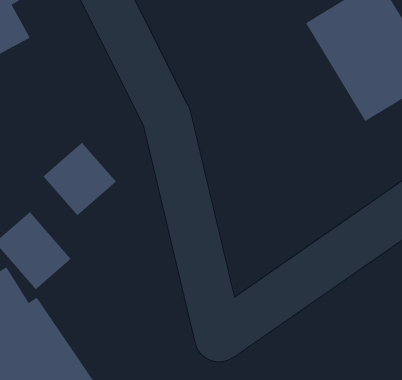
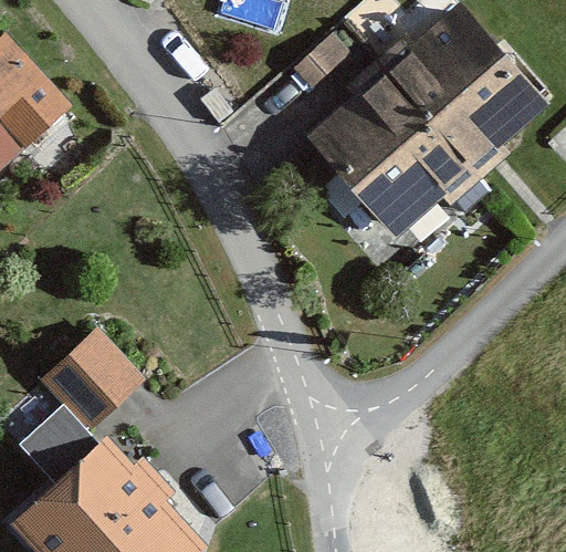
building: none -> [300,62,468,239]
building: [43,142,117,216] -> none

